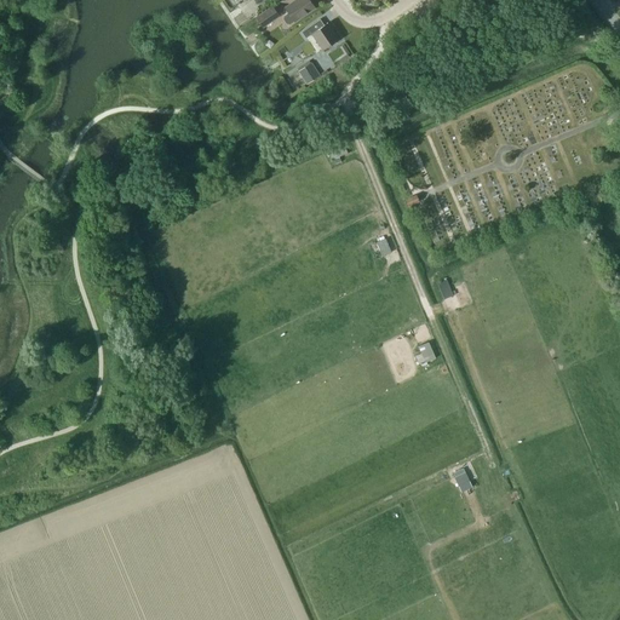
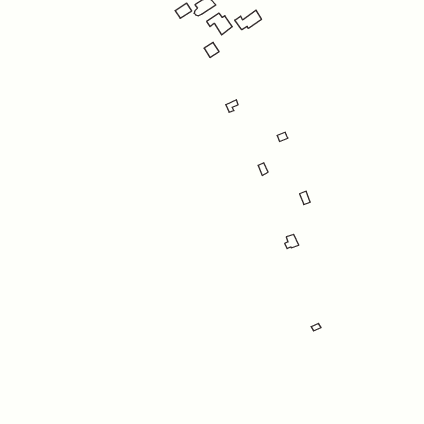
building: none -> [235,10,261,30]

